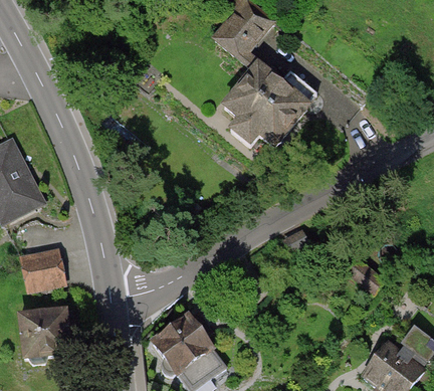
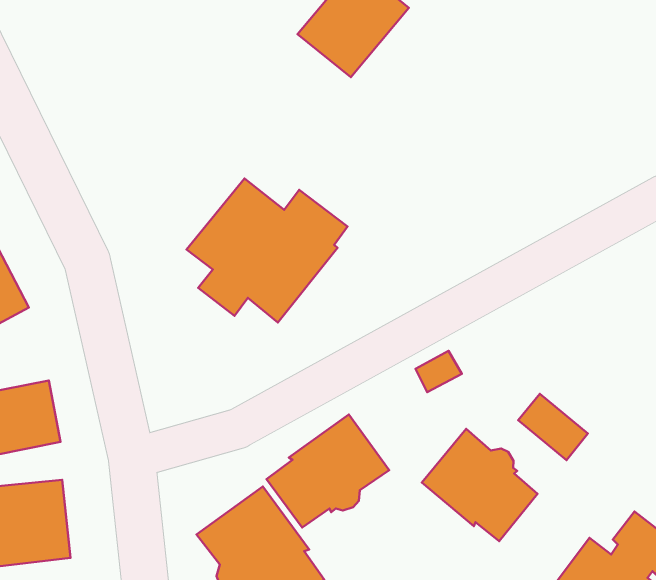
building: [221,62,318,150] -> [186,178,347,323]
building: none -> [267,415,389,527]
building: none -> [422,429,537,541]

